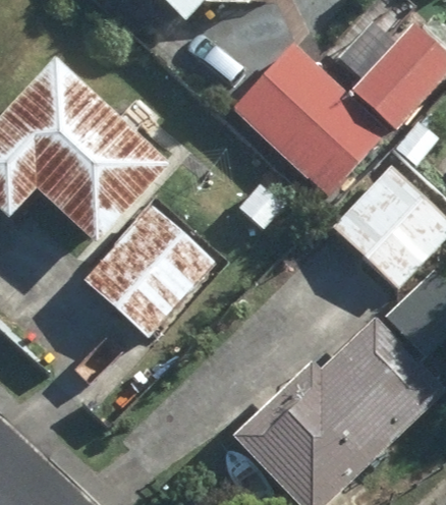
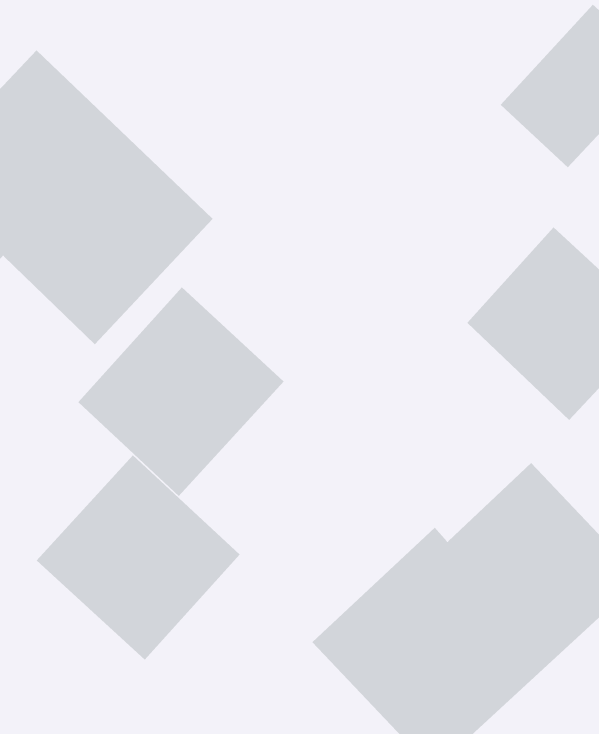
building: [230,42,389,199] -> none
building: none -> [36,454,240,661]

